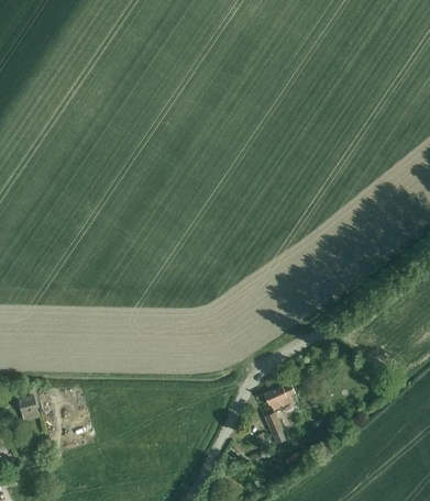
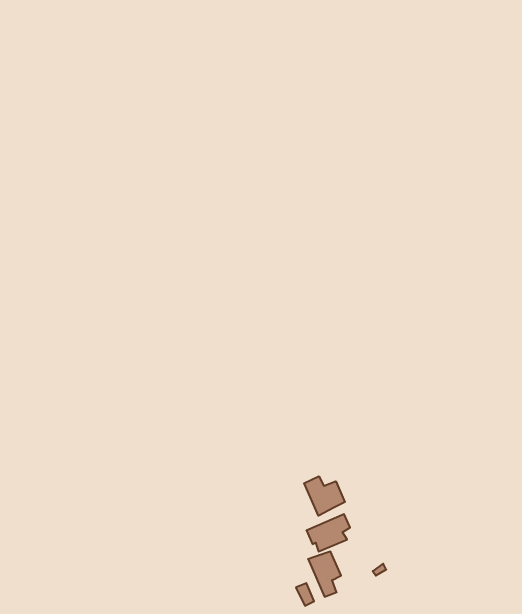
building: none -> [304,476,345,516]

